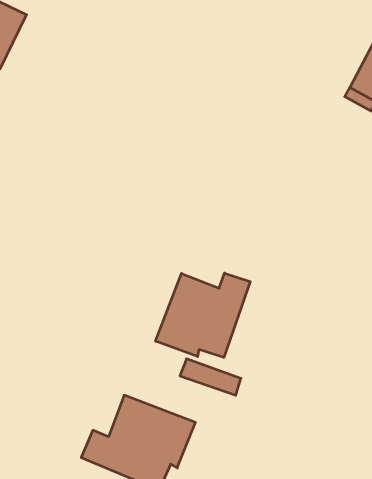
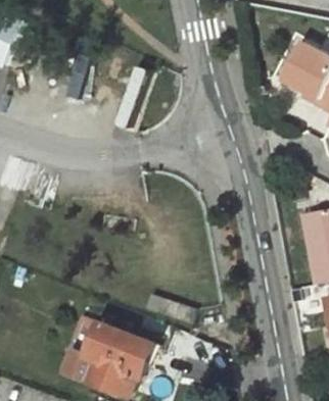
building: [156,273,250,357] -> none

